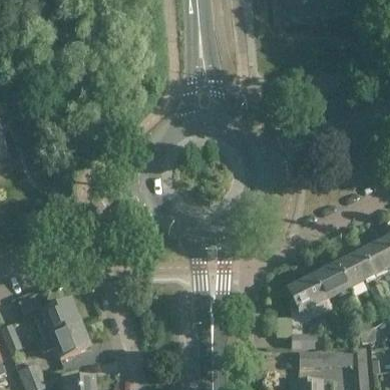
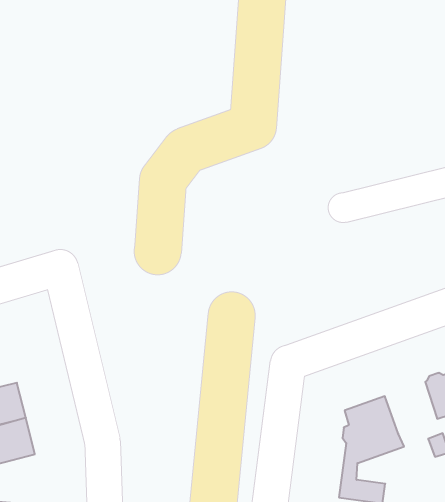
building: [313,262,349,298] -> none

